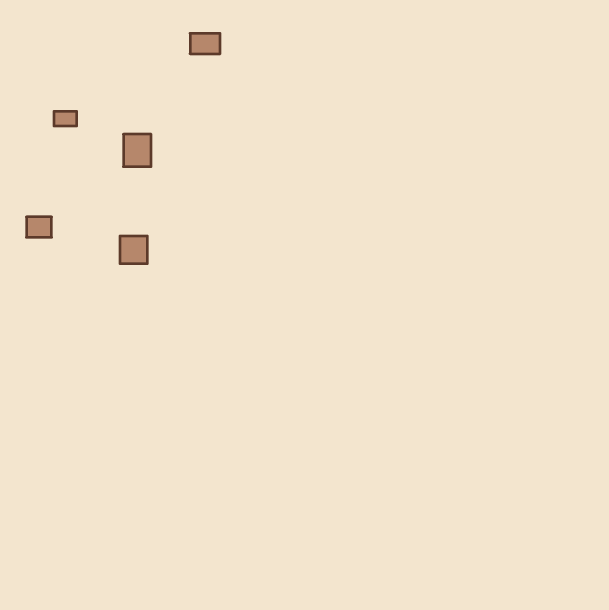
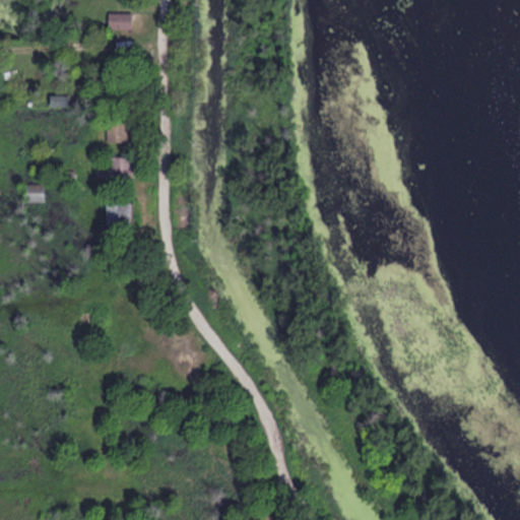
building: [190,33,220,54] -> [108,14,133,31]
building: none -> [111,157,132,180]

